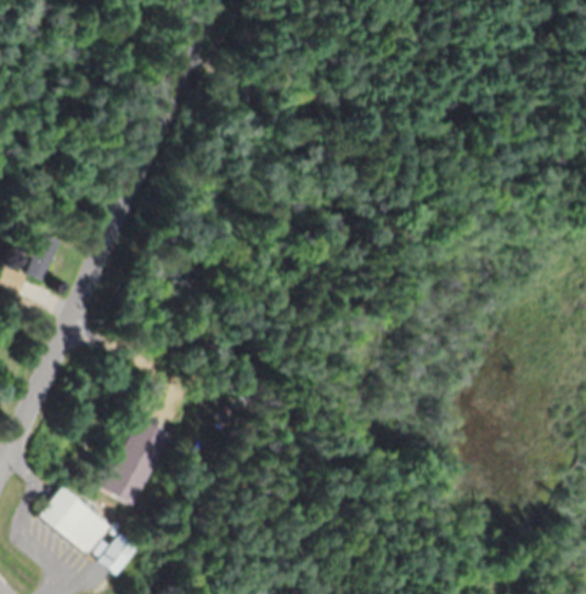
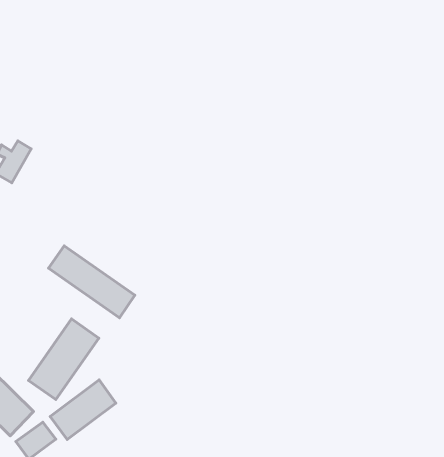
building: none -> [49,246,135,318]
building: none -> [50,380,116,440]

